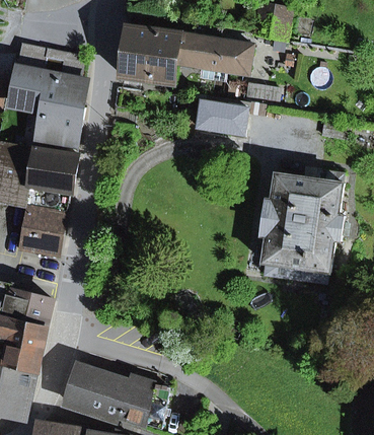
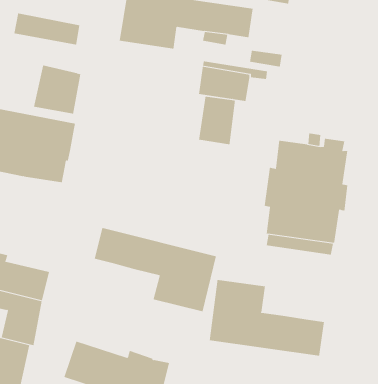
building: [10,69,84,107] -> none
building: none -> [198,96,236,145]
building: [19,208,64,255] -> none
building: none -> [94,227,216,312]
building: none -> [209,279,325,356]

